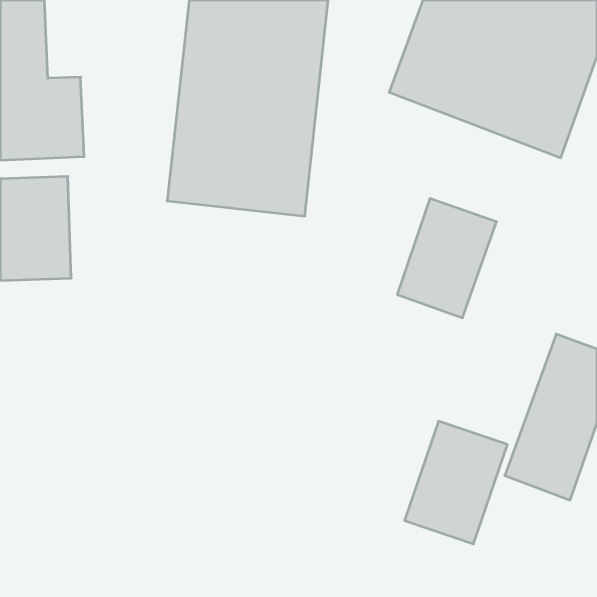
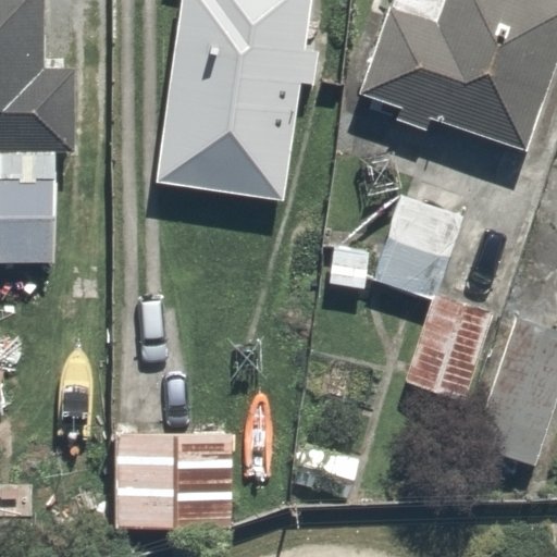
building: [405,421,507,544] -> [406,290,502,405]
building: none -> [114,422,236,537]

